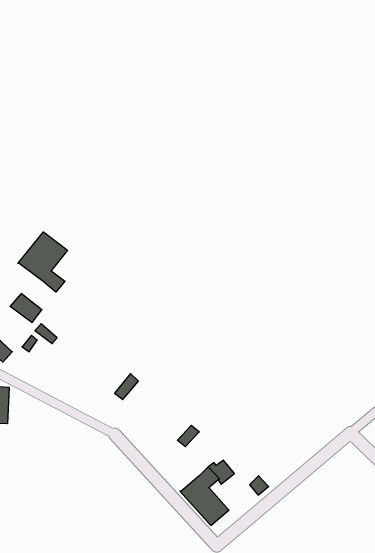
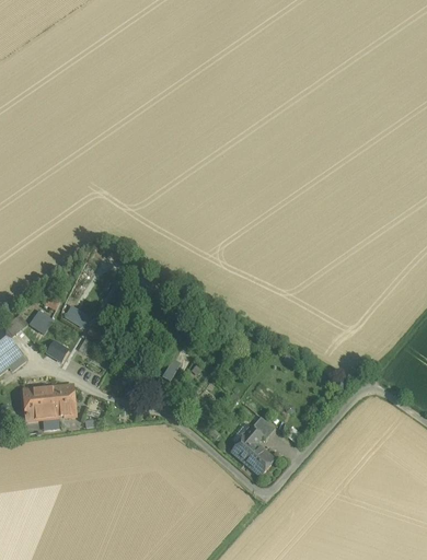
building: [18,232,67,292] -> none

